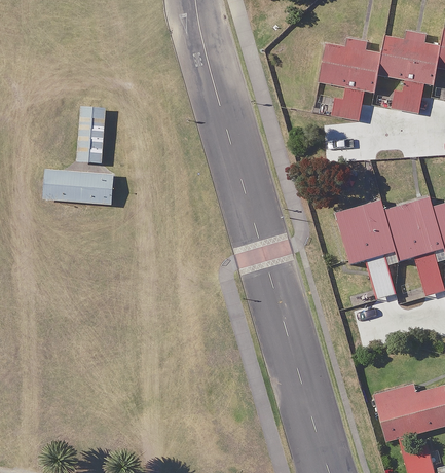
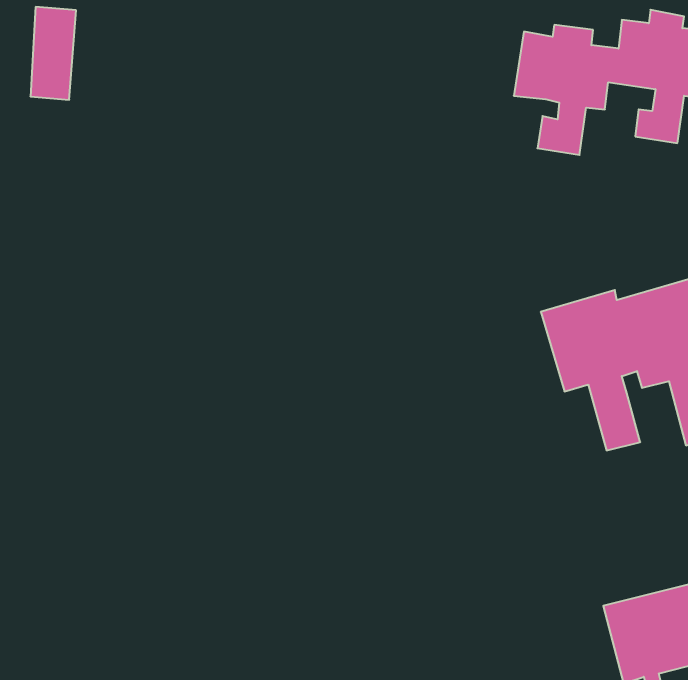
building: [78,106,106,162] -> [30,7,76,100]
building: [44,170,113,204] -> none

